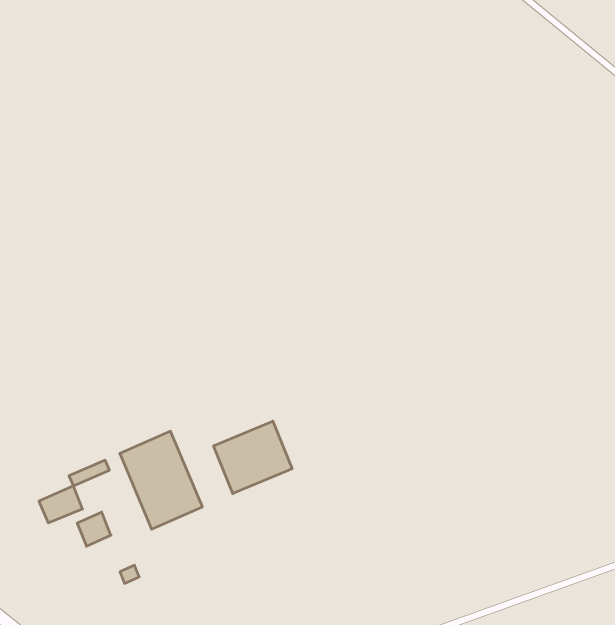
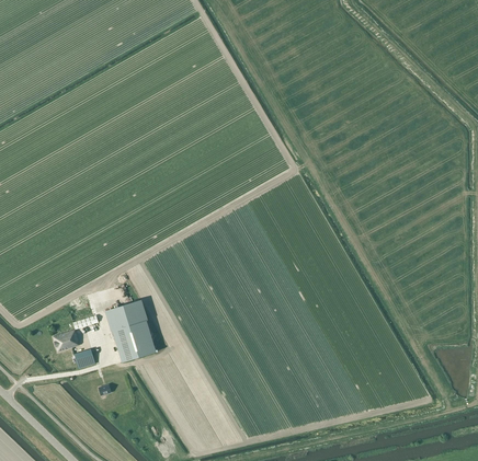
building: [214,421,292,494] -> none

